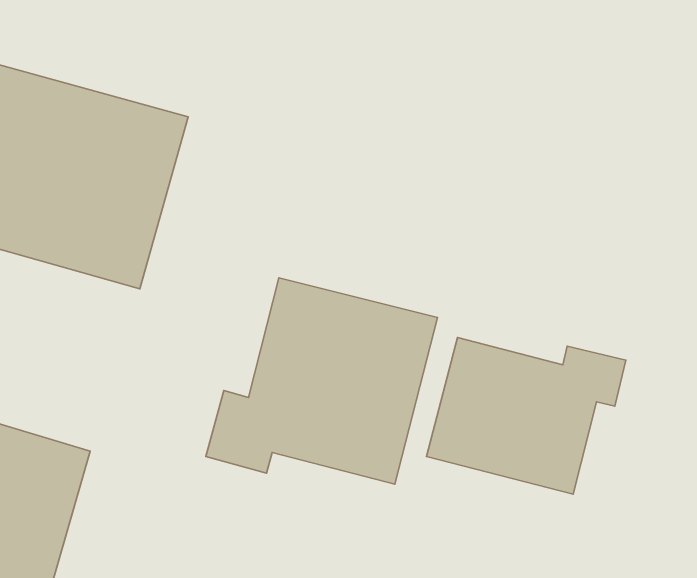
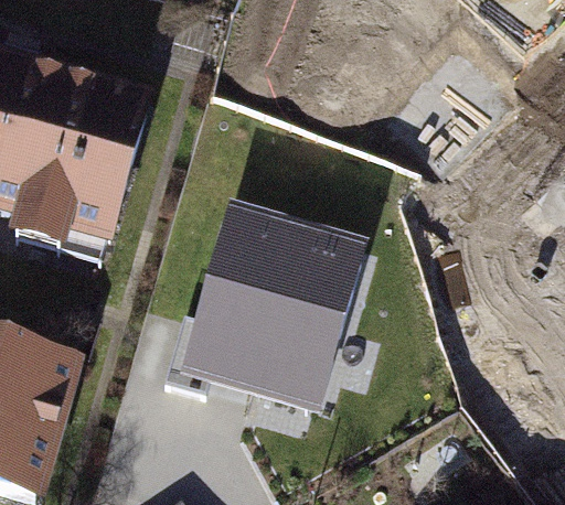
building: [426,338,626,494] -> none

